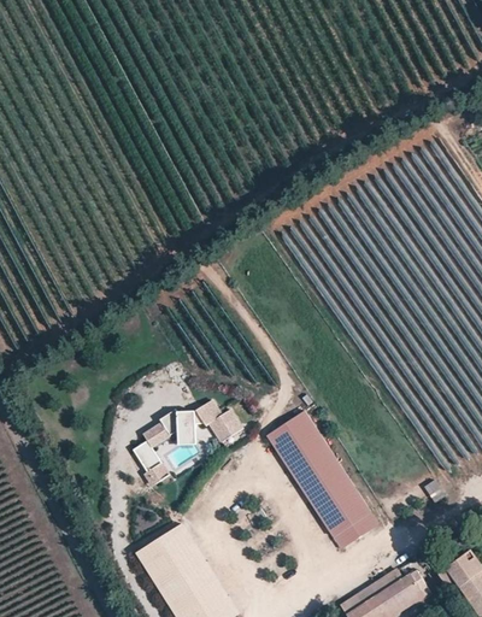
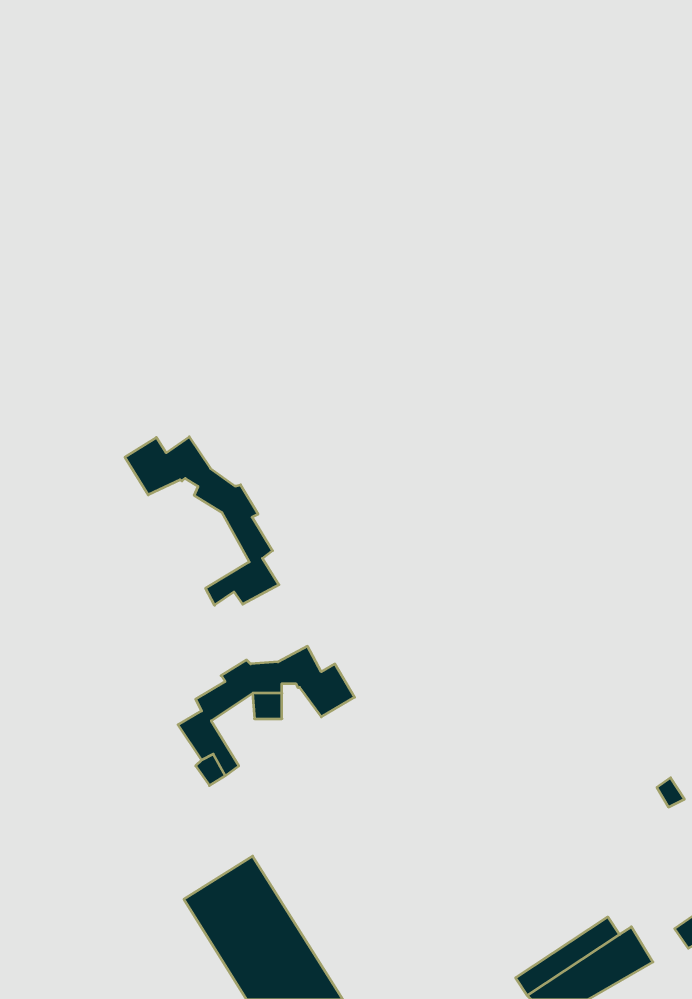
building: none -> [125,437,279,605]
building: [268,412,380,551] -> none

